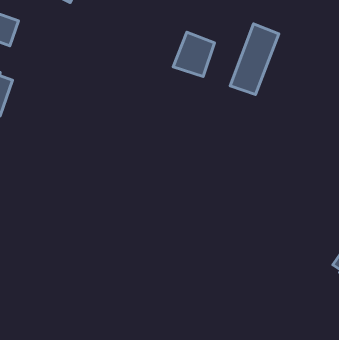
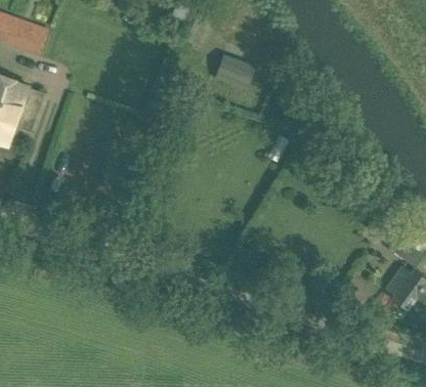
building: [230,24,279,94] -> none

